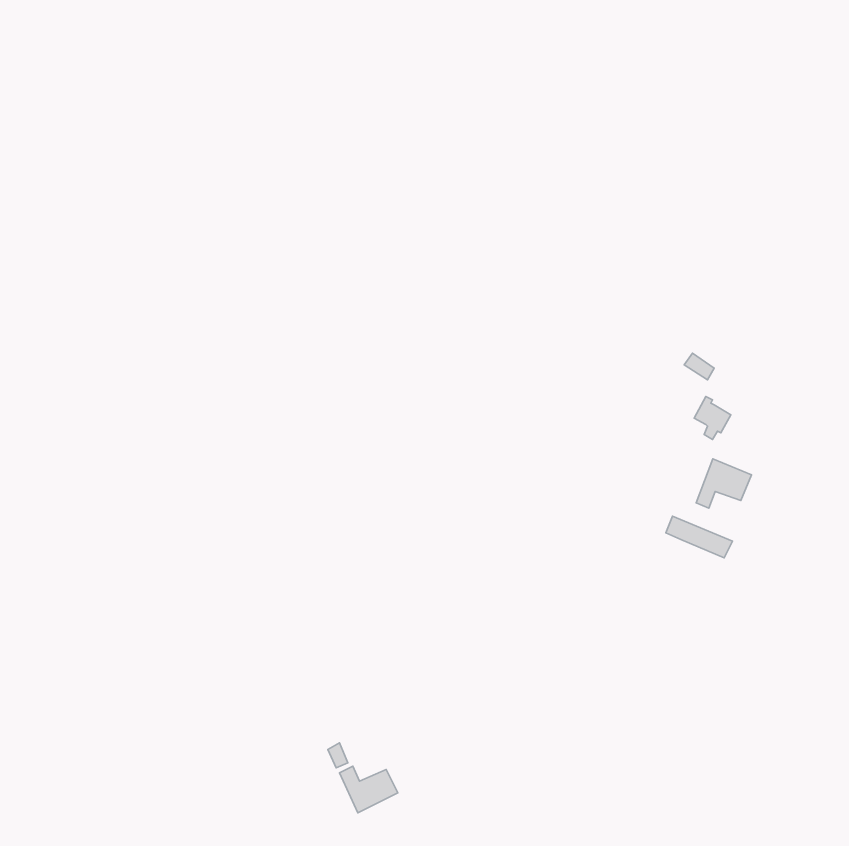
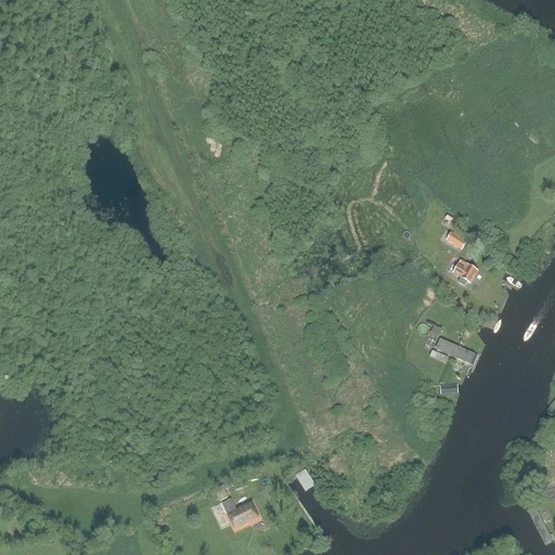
building: [696,459,751,508] -> none

